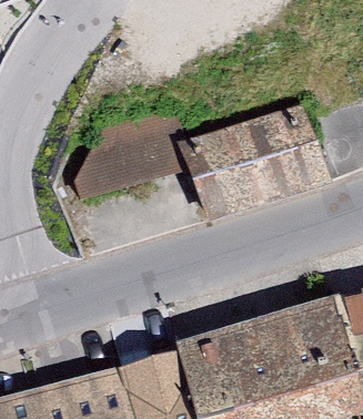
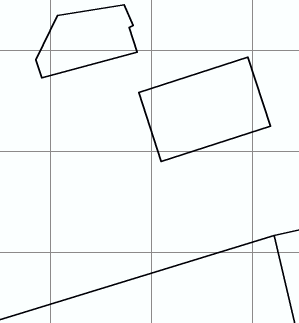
building: [73,116,188,198] -> [36,5,137,78]

